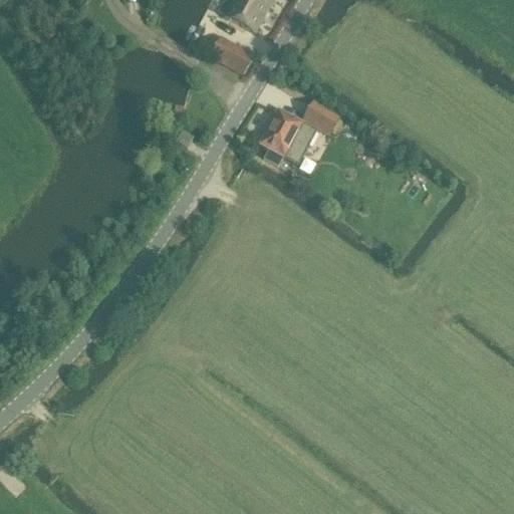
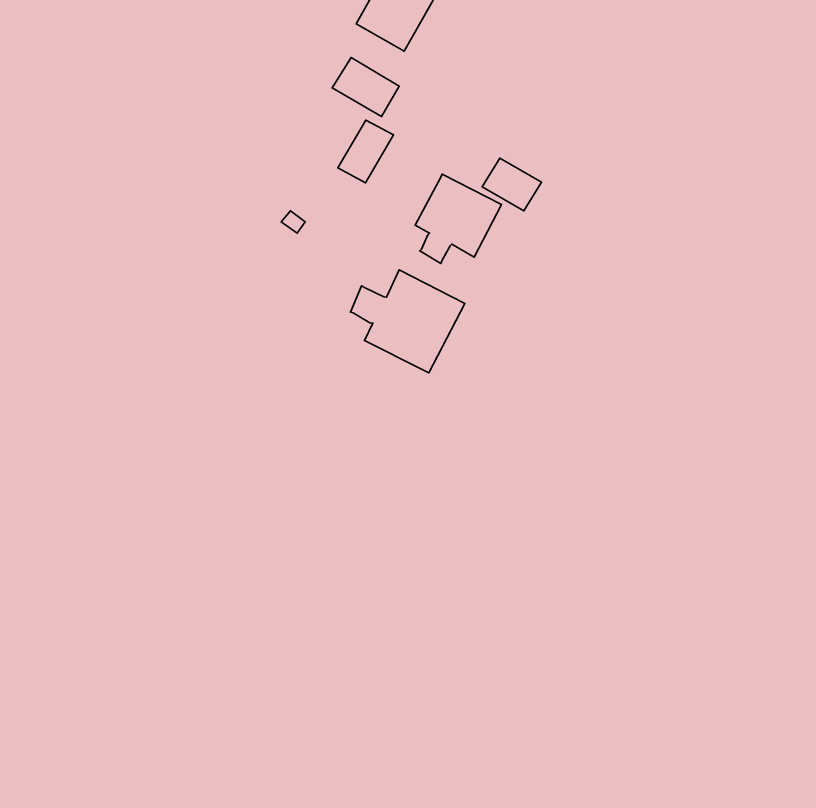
building: none -> [338,120,393,183]
building: none -> [350,270,465,373]

